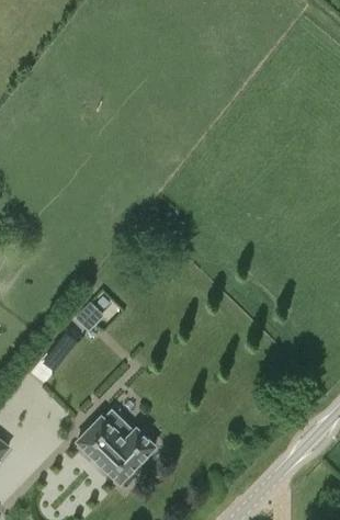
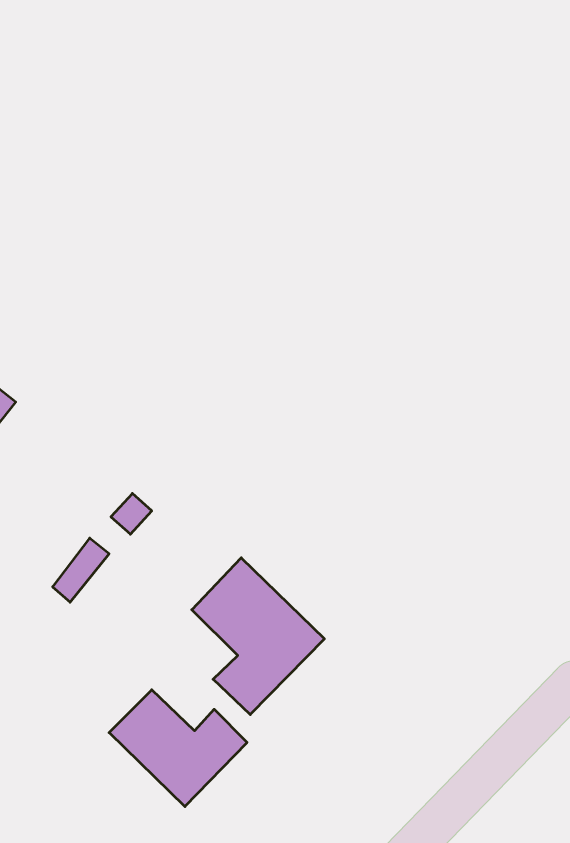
building: none -> [192,558,324,715]

